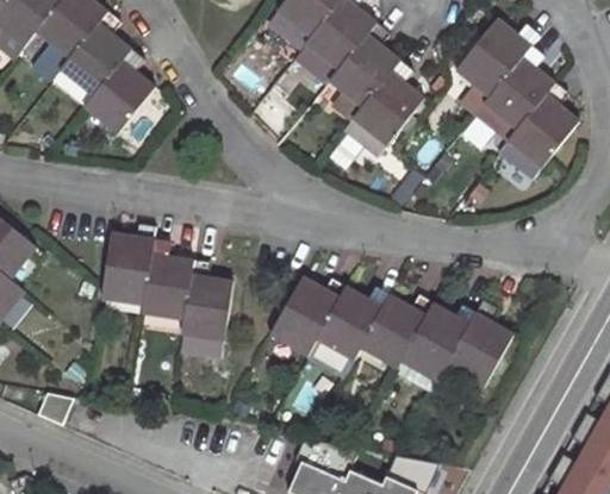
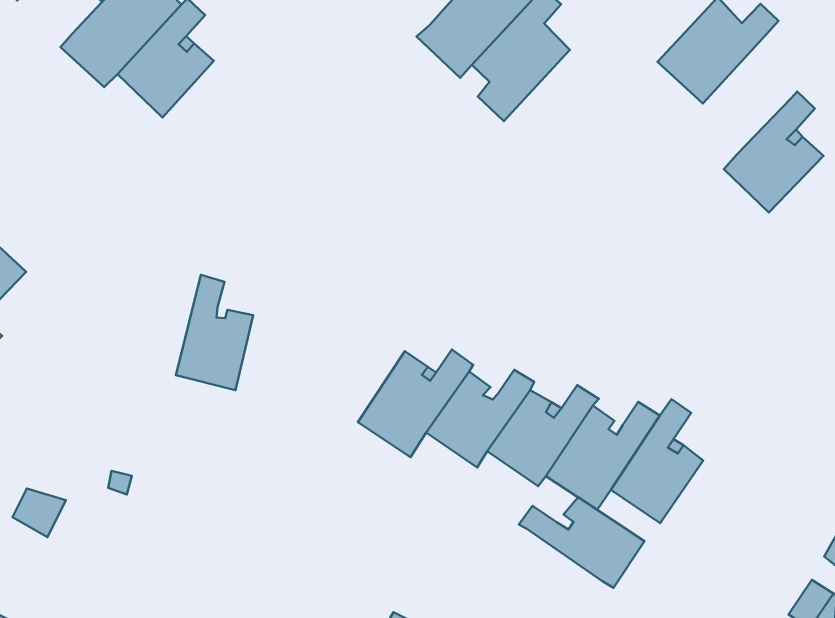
building: [484,43,549,127] -> none
building: [344,61,418,152] -> none
building: [100,224,154,301] -> none
building: [180,258,229,338] -> none
building: none -> [519,497,645,588]

